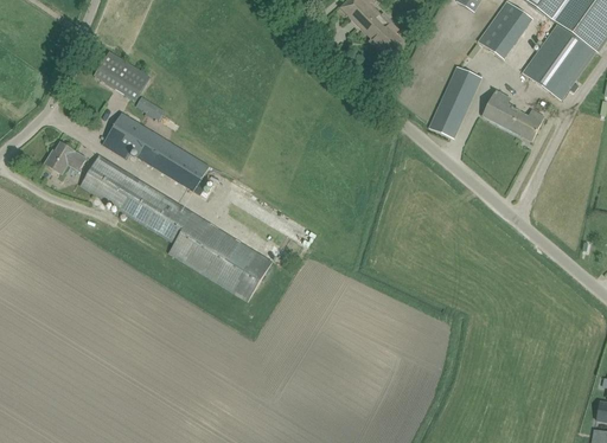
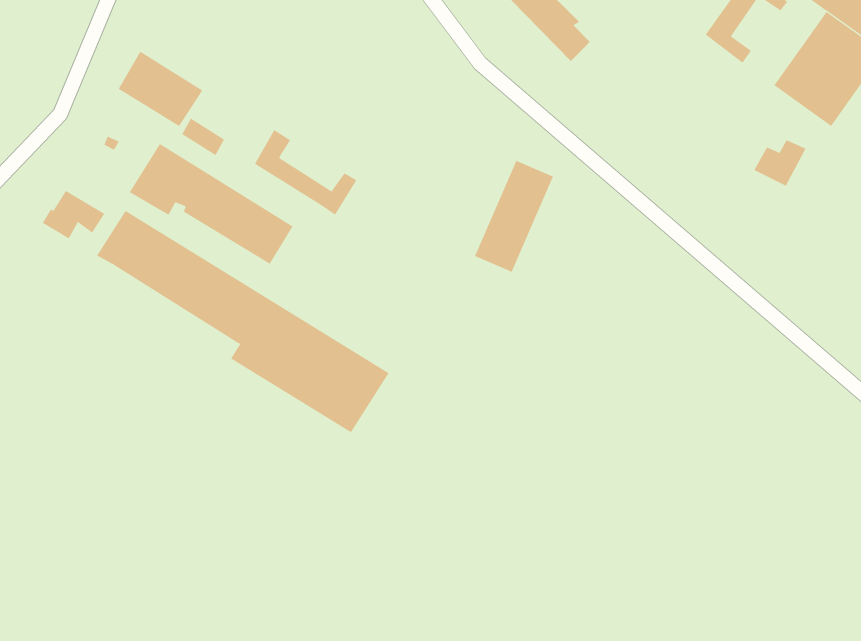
building: [429,65,481,139] -> [474,160,554,272]
building: [484,90,519,129] -> none
building: none -> [254,129,357,215]

